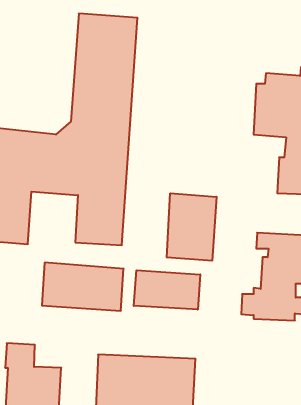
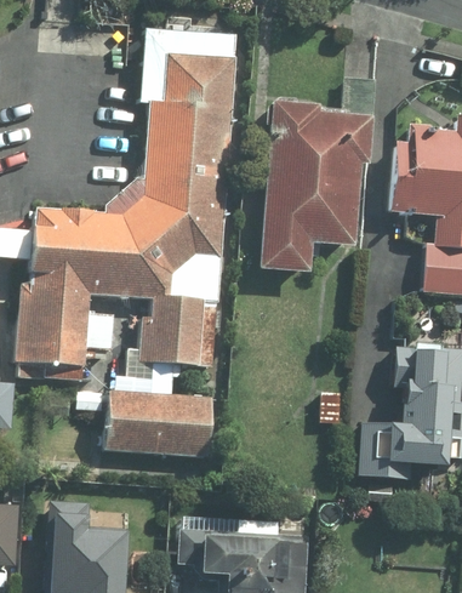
building: none -> [262,102,365,274]
building: [167,193,217,261] -> none
building: [134,270,200,310] -> none

